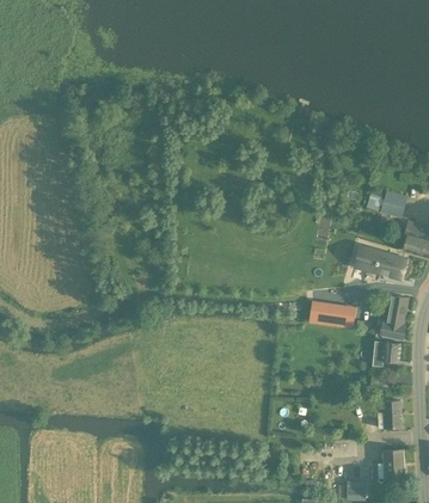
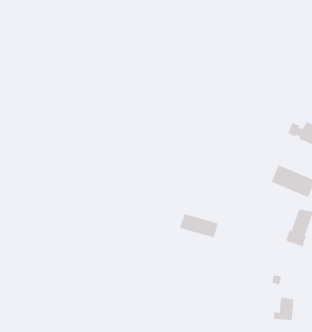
building: [310,303,355,327] -> [179,214,218,238]
building: [373,342,400,367] -> none

